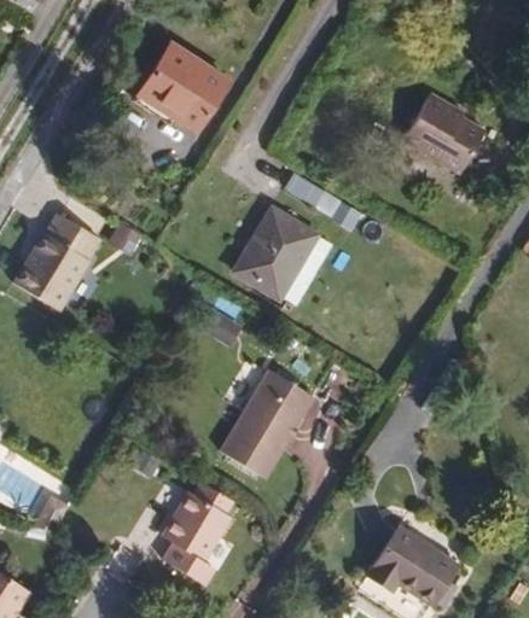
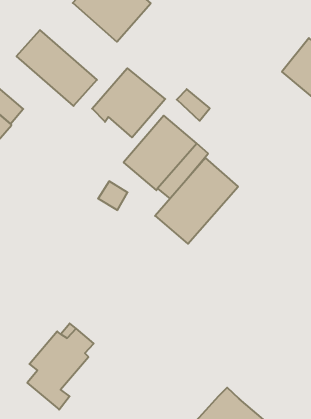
building: none -> [17,30,97,106]
building: none -> [92,68,165,137]
building: [221,367,314,473] -> [155,158,238,244]

